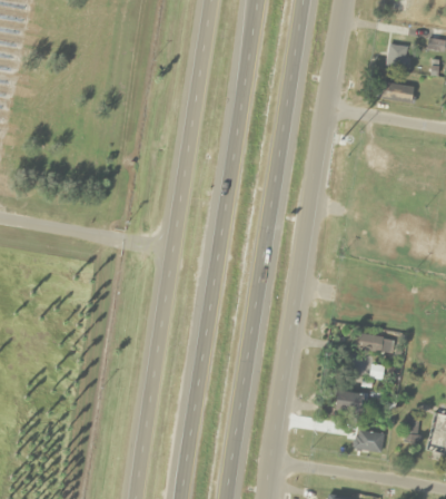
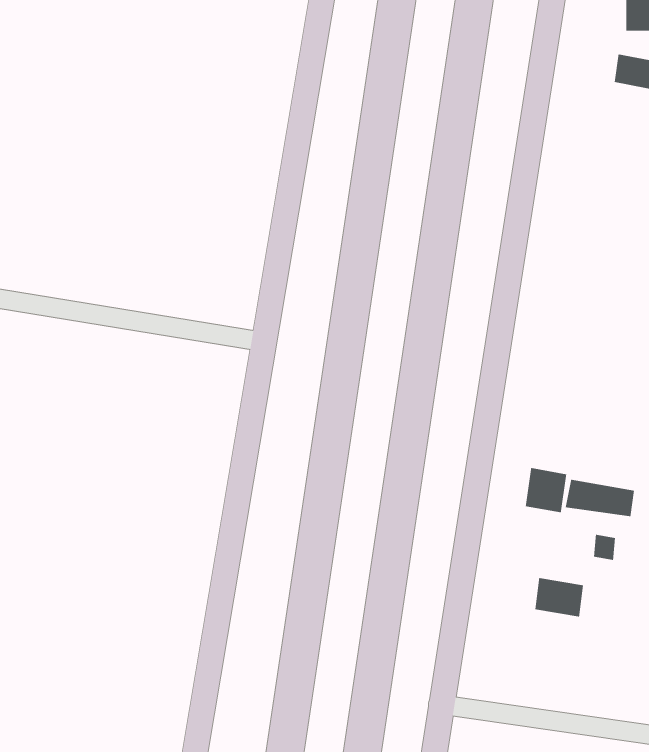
building: none -> [525,467,567,513]
building: [355,429,385,454] -> none

